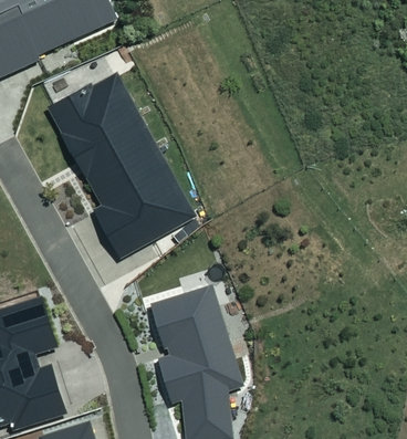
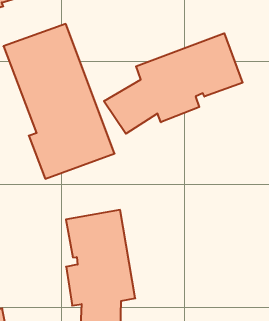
building: none -> [104,33,243,134]

